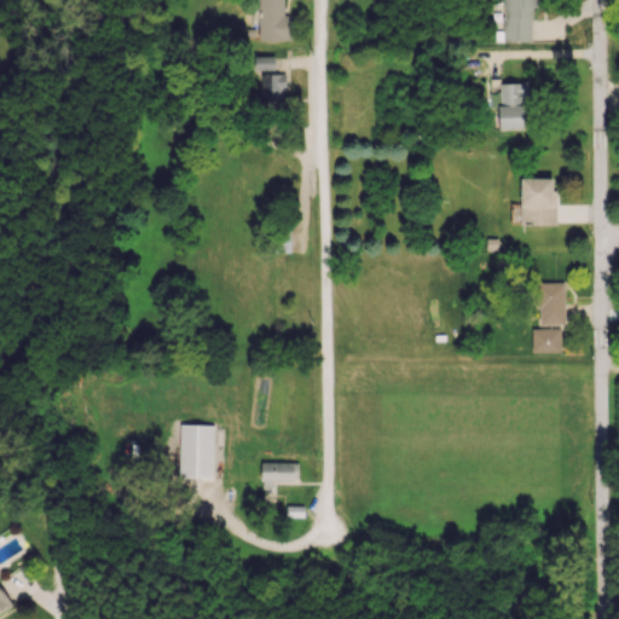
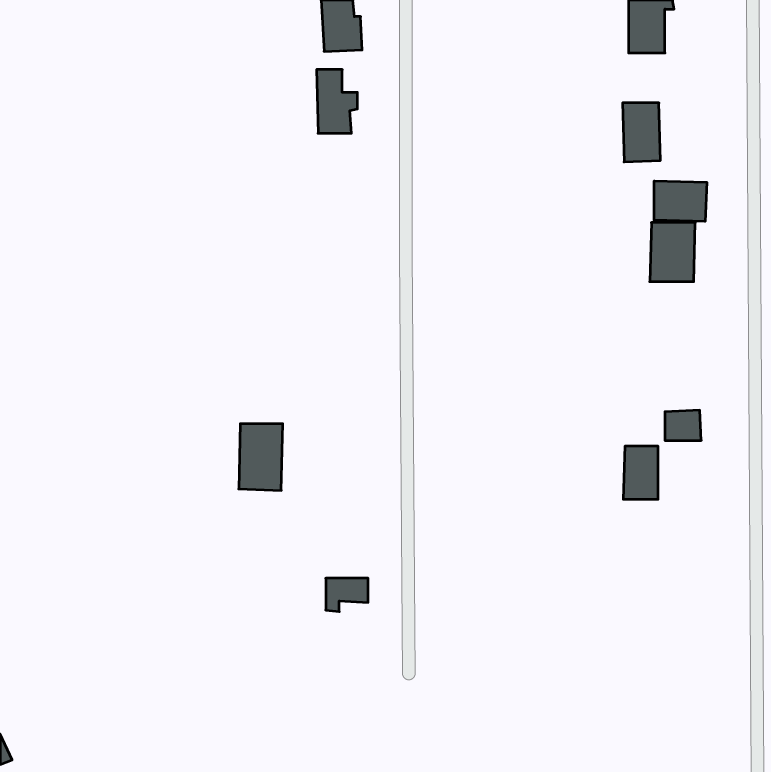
building: none -> [654,181,707,221]
building: [538,283,566,325] -> [623,446,658,499]
building: [180,426,215,479] -> [239,424,283,490]

